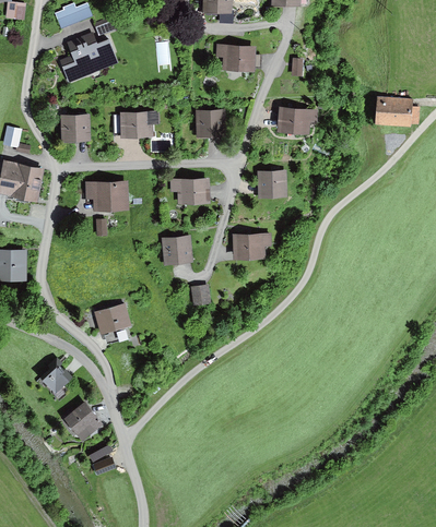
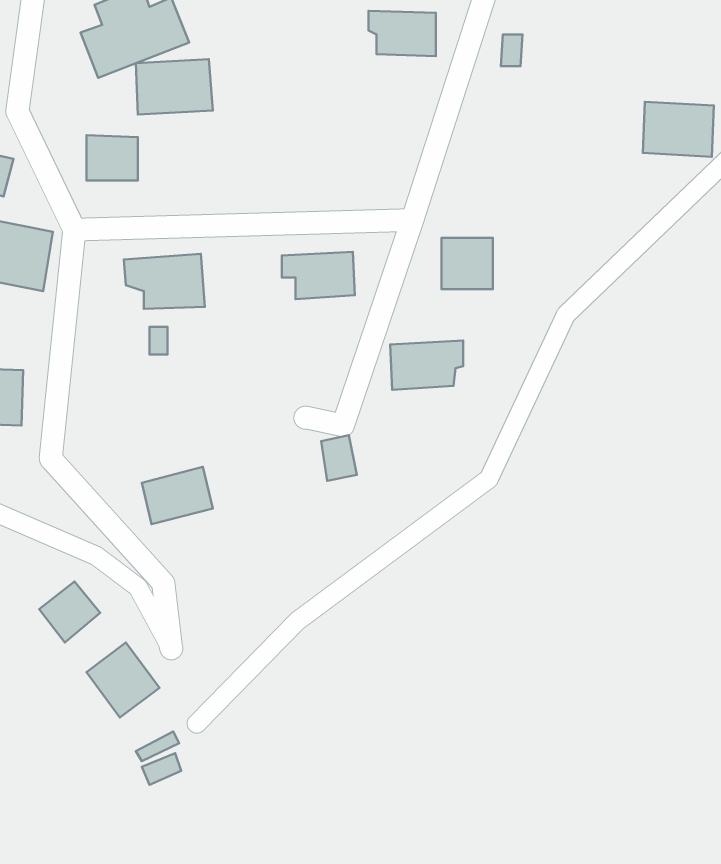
building: [273,106,314,134] -> none
building: [195,107,228,139] -> none
building: [116,109,158,140] -> [136,59,213,115]
building: [164,236,192,266] -> none

